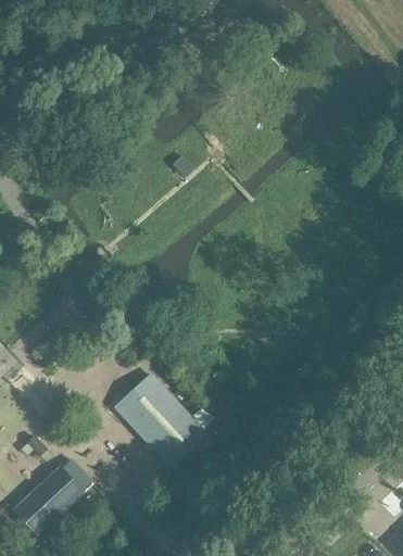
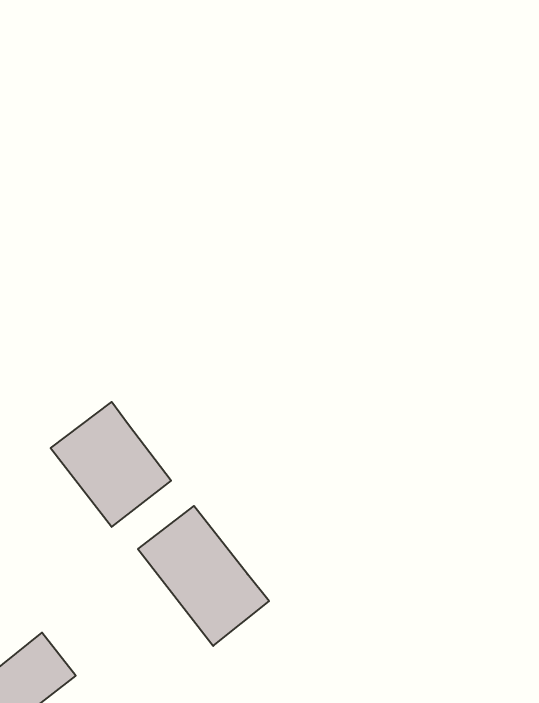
building: none -> [51,402,171,527]

